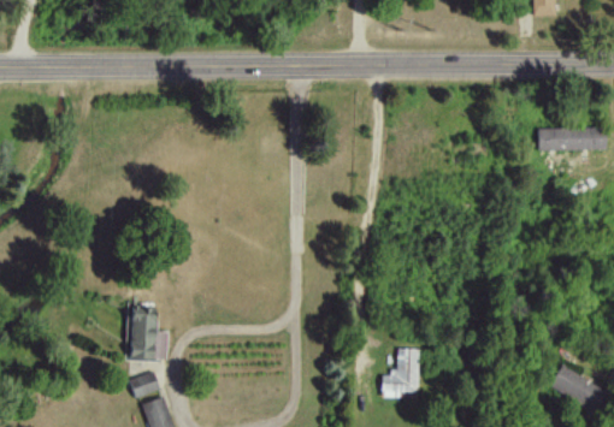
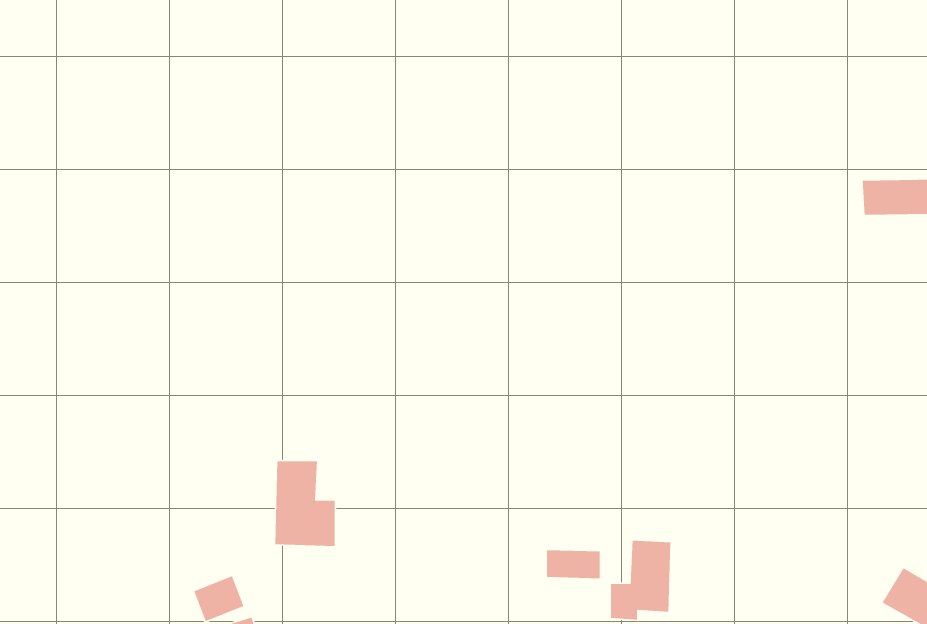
building: [129,307,166,360] -> [274,460,335,547]
building: none -> [546,549,601,579]

